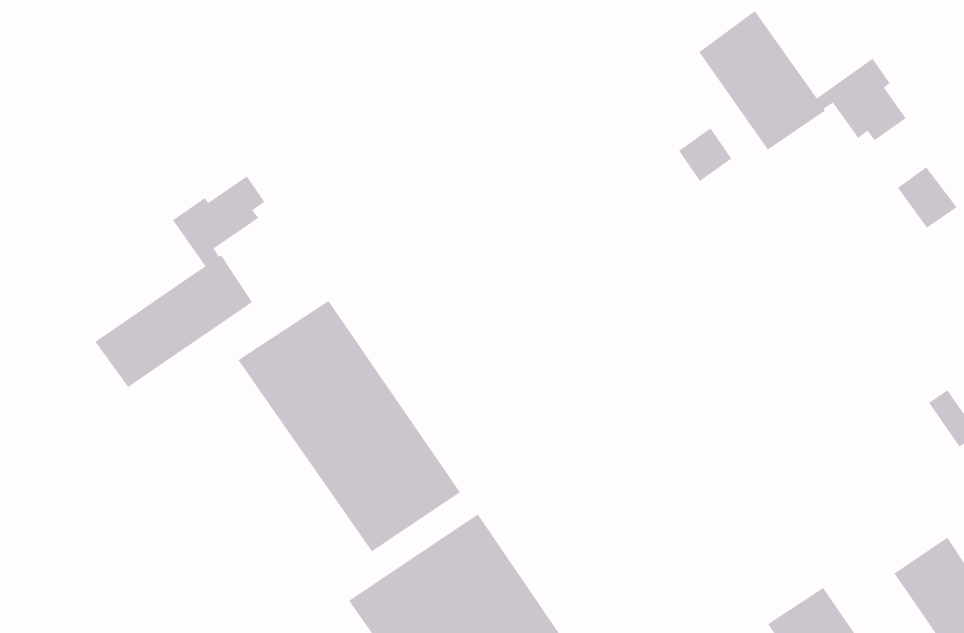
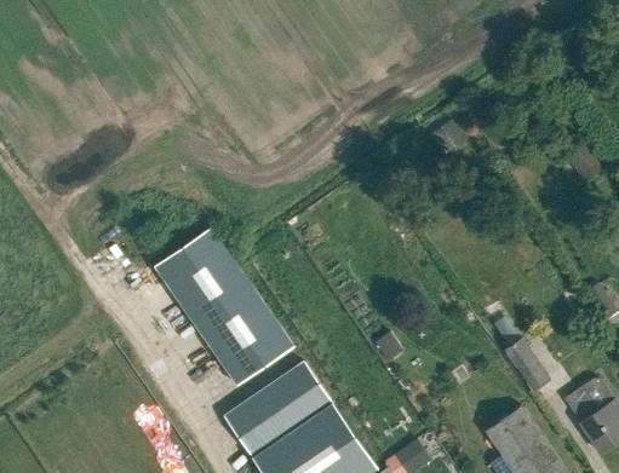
building: [698,10,906,150] -> none
building: [94,176,265,388] -> none
building: none -> [504,341,552,398]

